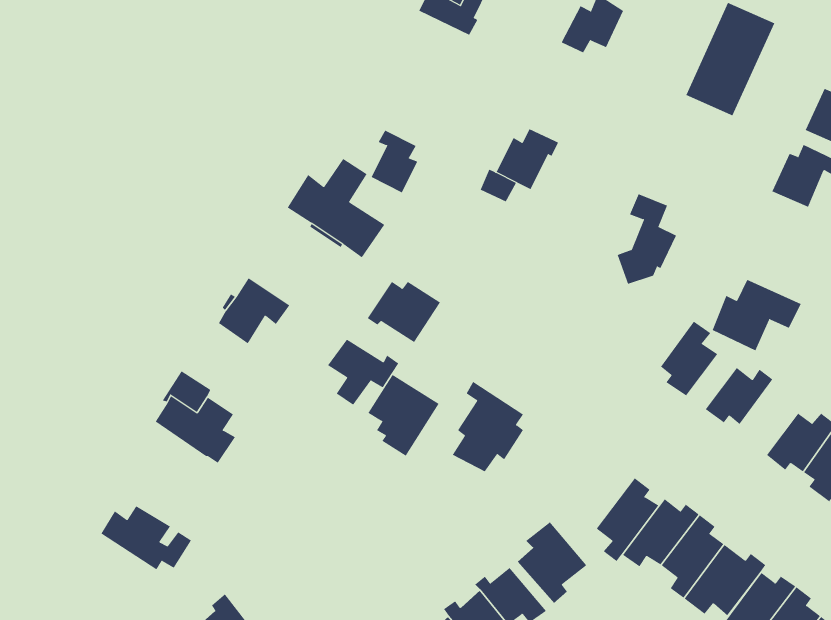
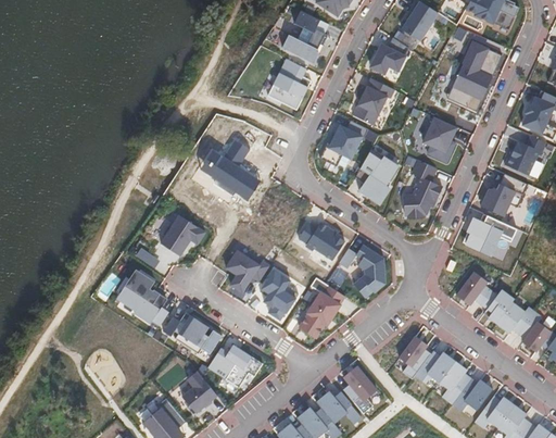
building: none -> [346,84,389,127]
building: none -> [429,118,460,158]
building: [371,130,418,193] -> [279,64,308,103]
building: none -> [359,143,402,199]
building: none -> [480,171,525,212]
building: [367,281,441,343] -> [303,223,349,261]
building: [660,321,718,396] -> [480,275,516,322]
building: none -> [339,246,381,293]
building: none -> [207,347,257,395]
building: [101,505,192,570] -> [163,313,219,353]
building: none -> [181,370,216,412]

